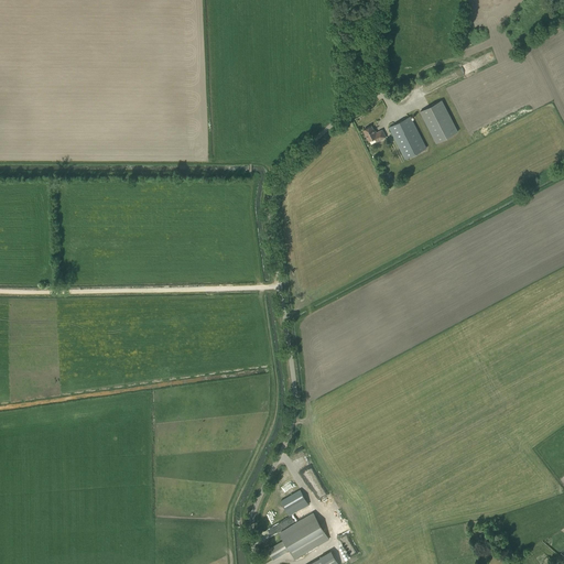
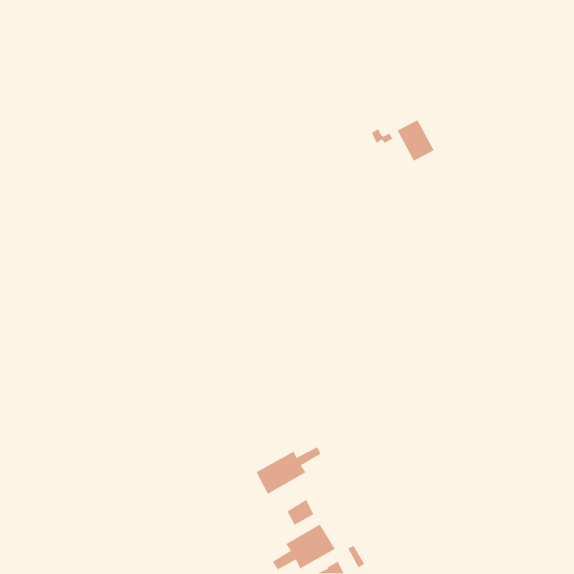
building: [420,100,458,143] -> none
building: none -> [256,446,321,495]

